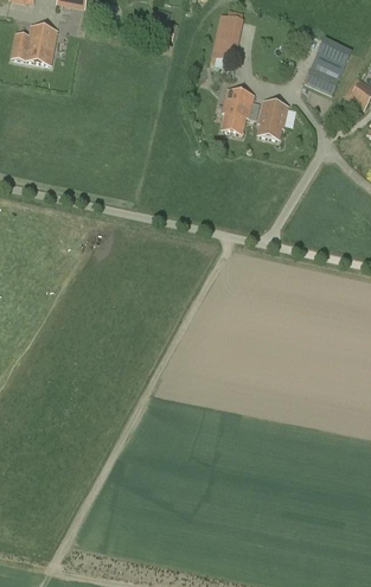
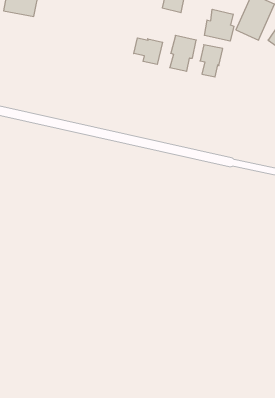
building: none -> [204,9,234,41]
building: none -> [134,38,163,64]

